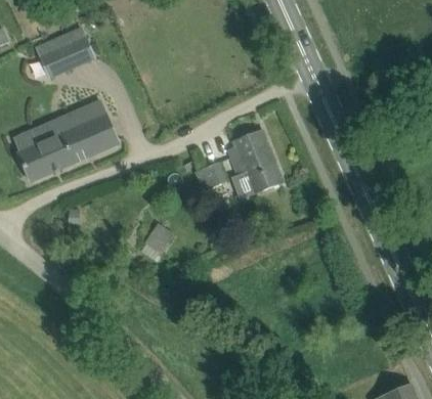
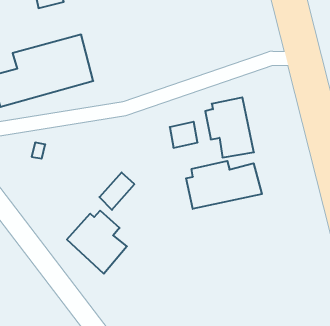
building: none -> [186,161,262,209]
building: none -> [67,211,127,274]

